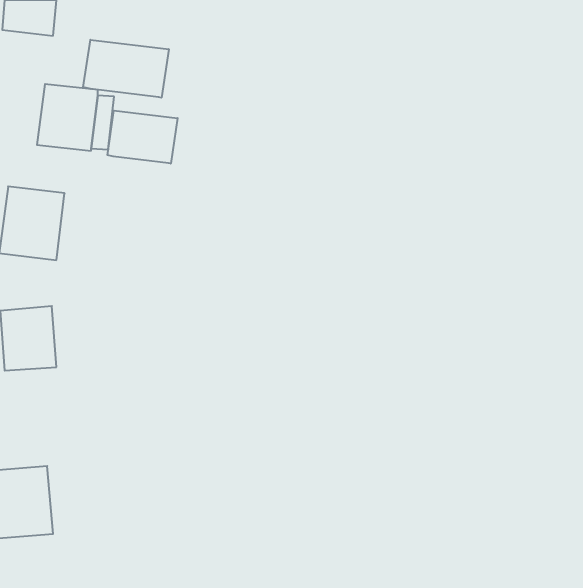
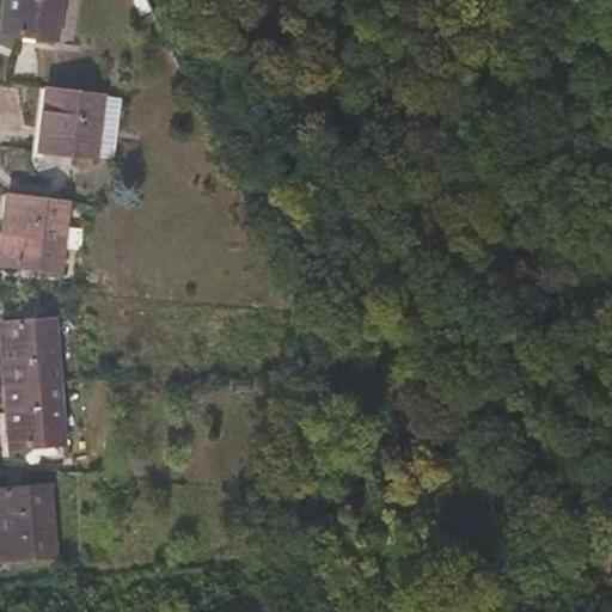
building: [83,40,169,98] -> none
building: [107,111,178,164] -> none
building: none -> [5,381,63,447]

